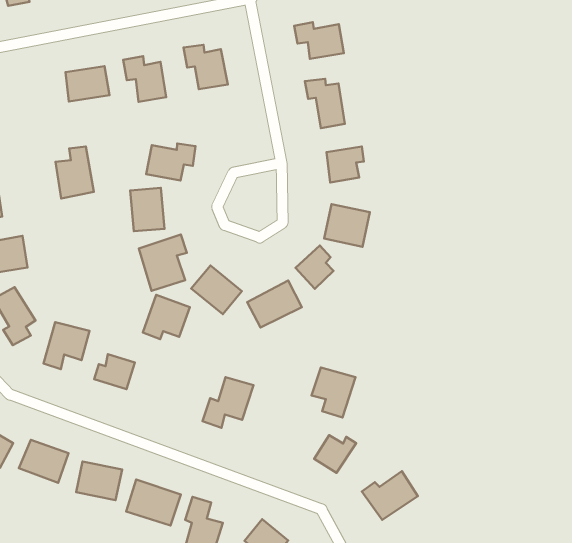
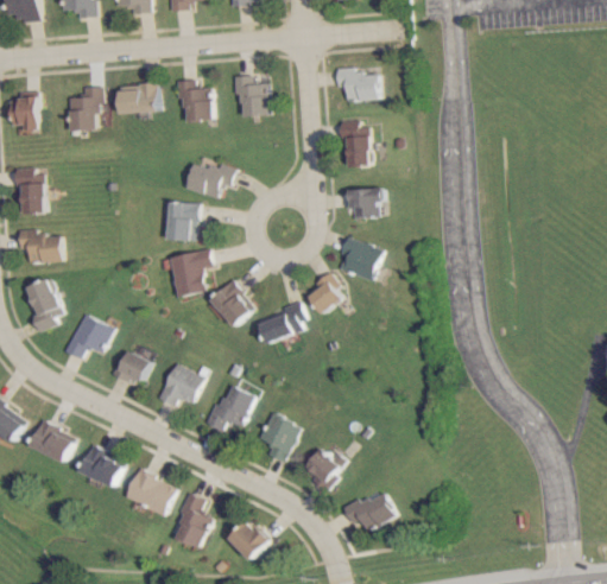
building: [55,147,94,199] -> [65,87,97,132]
building: [143,295,190,339] -> [157,363,203,405]
building: [311,367,356,418] -> [258,413,301,462]

